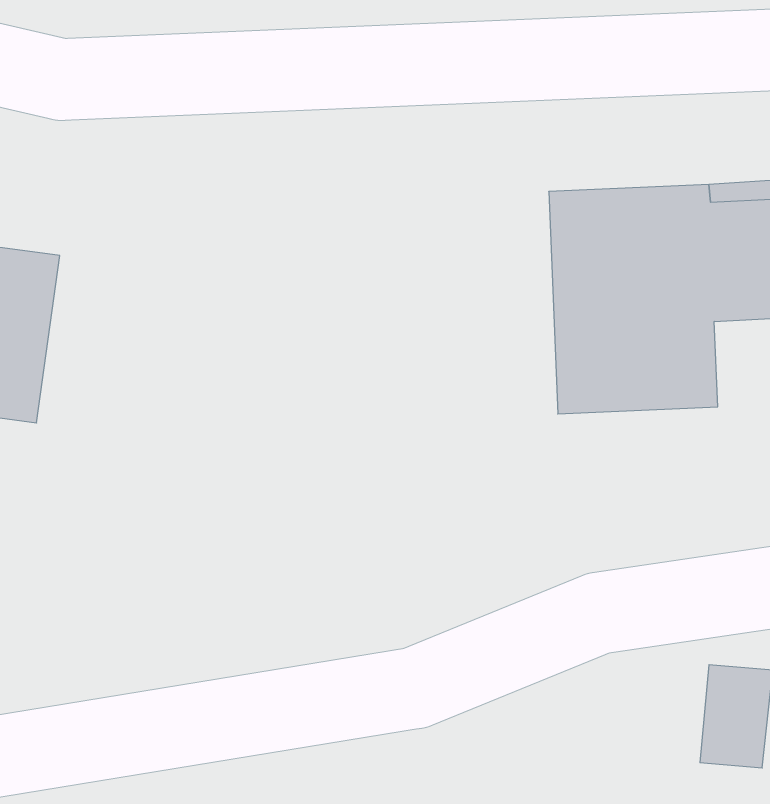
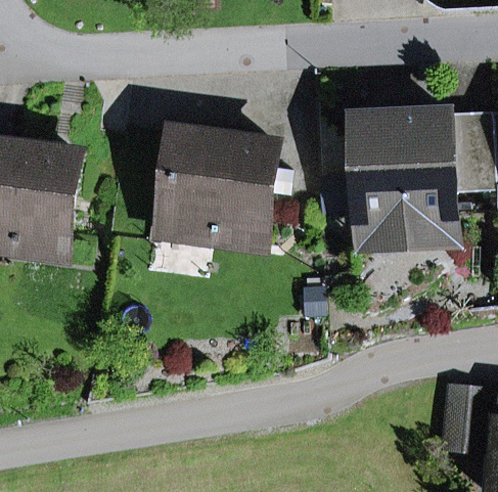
building: none -> [164,132,274,242]

